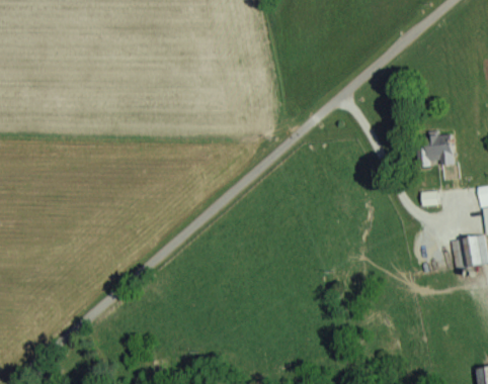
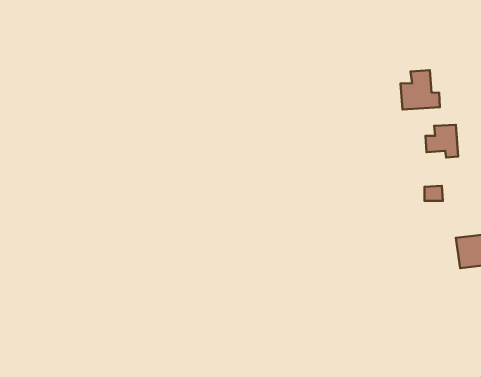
building: none -> [400,70,440,109]

